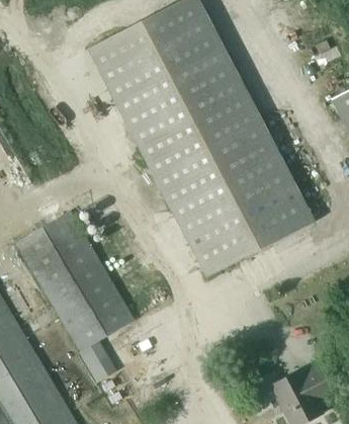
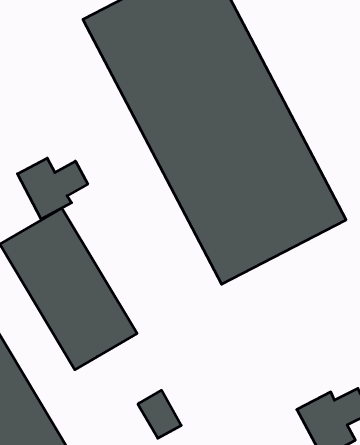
building: none -> [17,158,88,219]
building: [80,341,117,383] -> [138,390,181,438]

